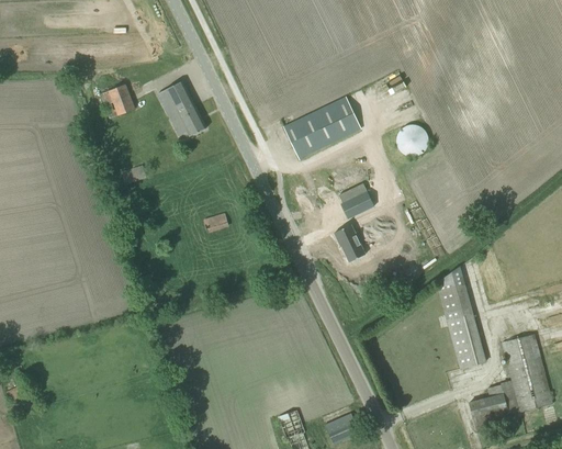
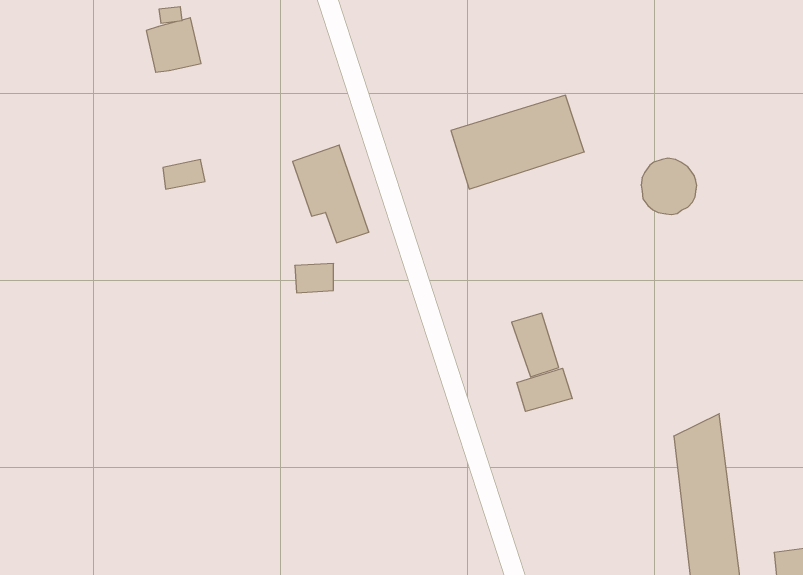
building: [157,81,206,137] -> [293,145,369,243]
building: [338,184,373,218] -> none
building: none -> [517,368,572,411]

